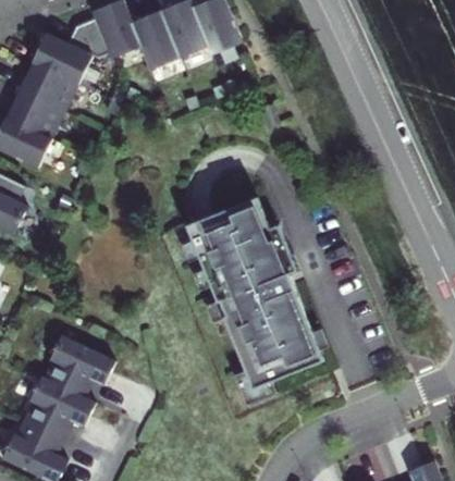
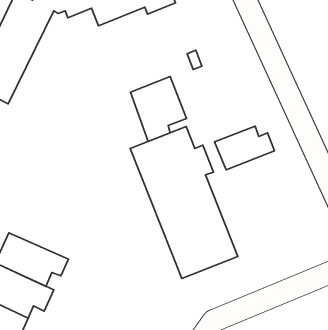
building: none -> [131,77,187,142]
building: none -> [215,126,275,170]

